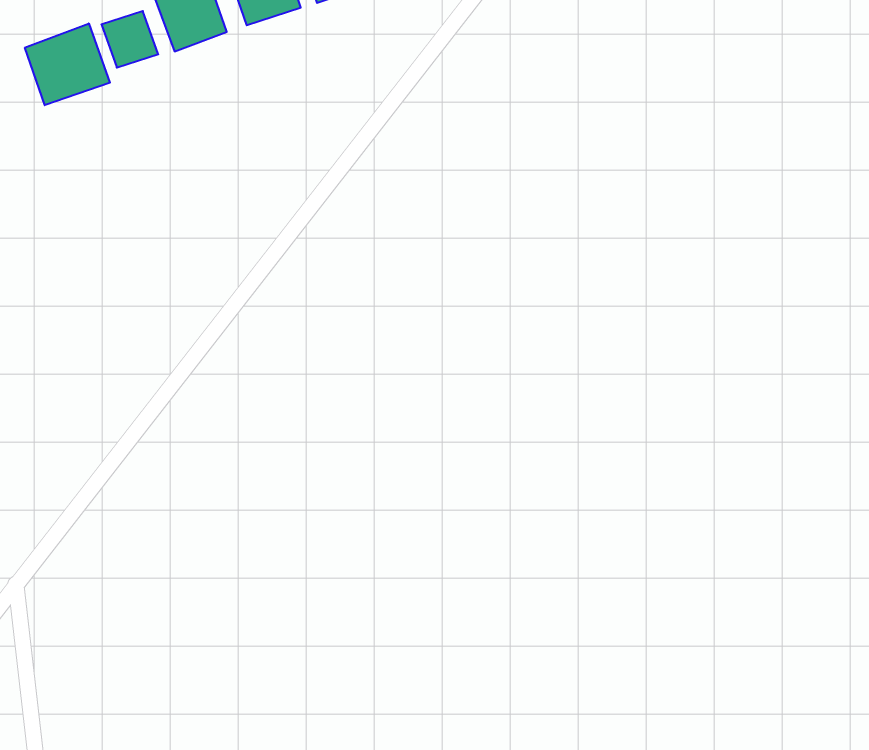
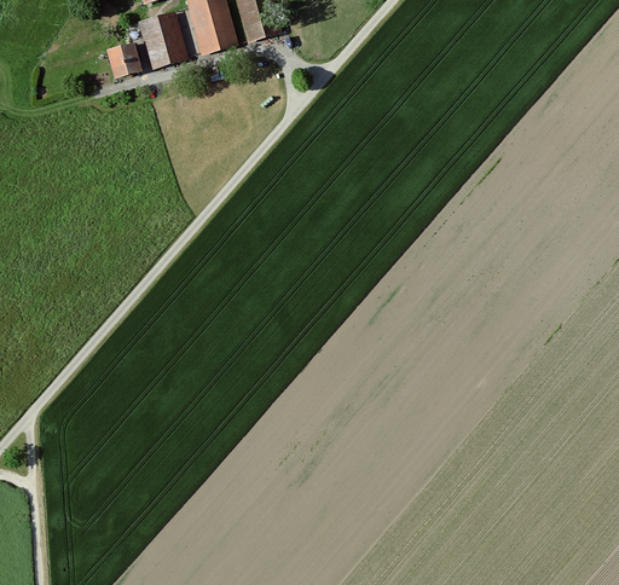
building: [25,23,110,105] -> none

